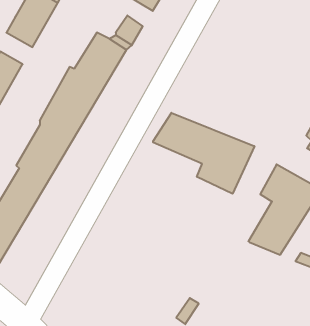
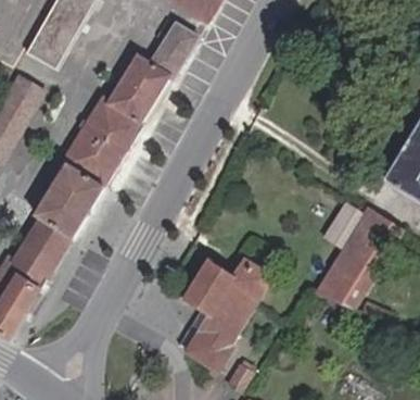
building: [153,113,254,194] -> none
building: none -> [182,261,268,375]

